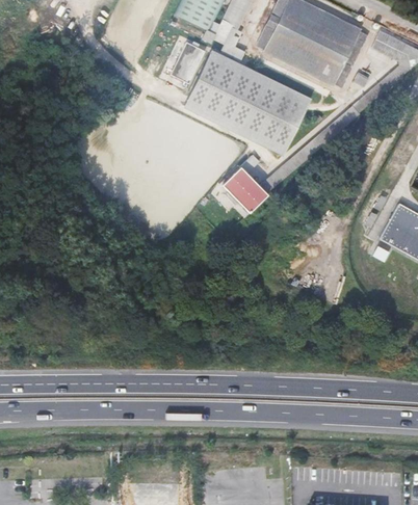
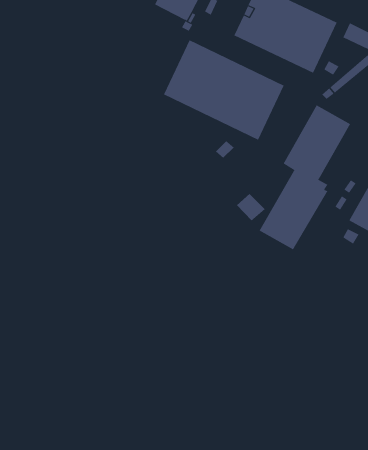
building: [169,41,203,82] -> none
building: none -> [259,104,351,250]
building: [230,172,260,202] -> [236,193,265,221]

